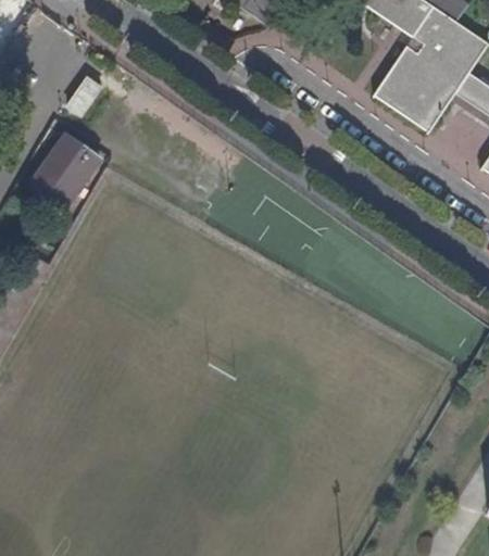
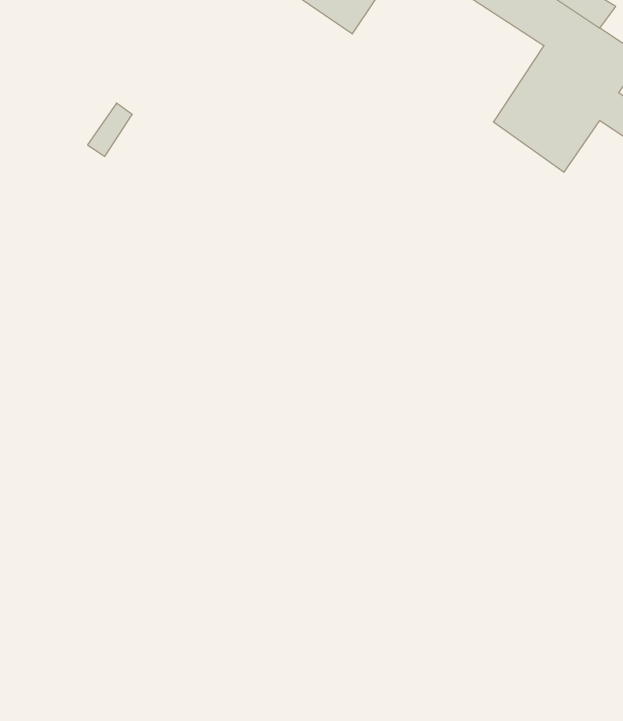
building: [33,140,98,212] -> none

